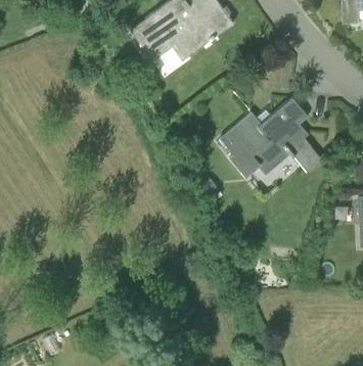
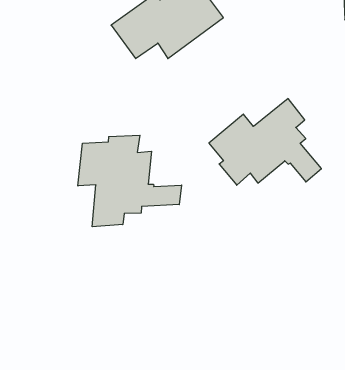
building: none -> [78,135,182,227]

